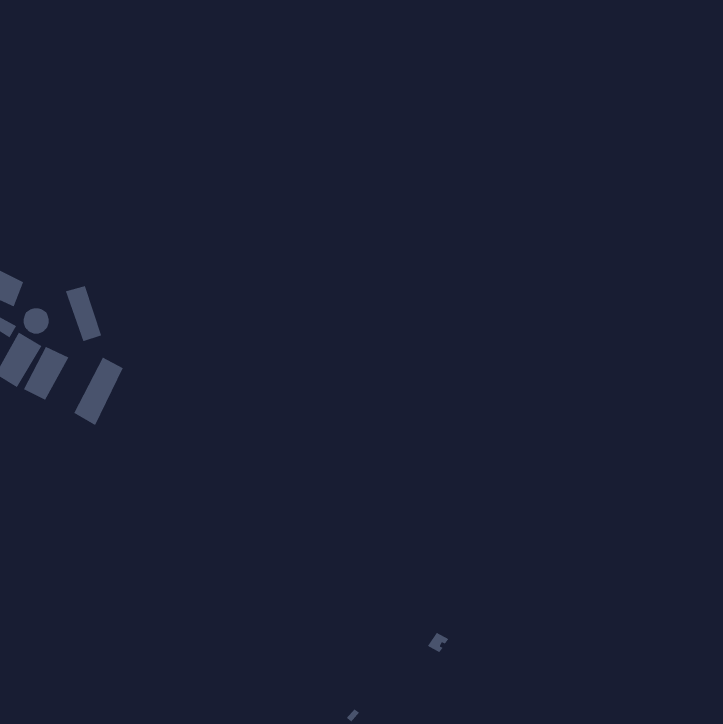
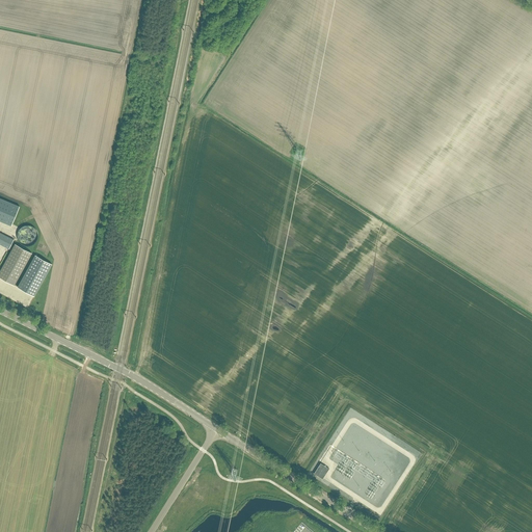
building: [65,285,102,342] -> none
building: [73,356,124,426] -> none

